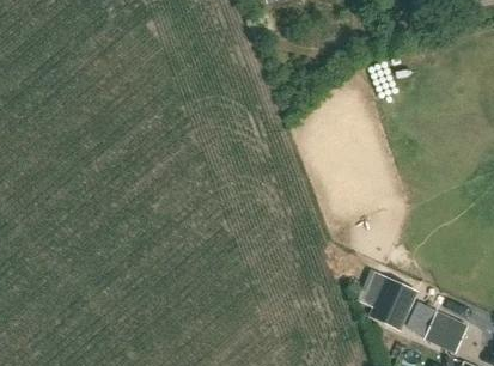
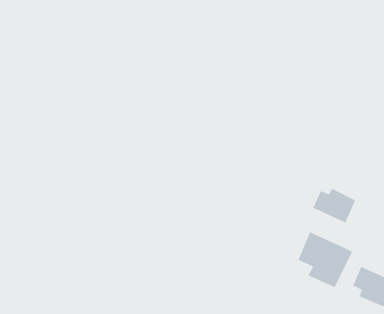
building: none -> [312,188,356,224]

